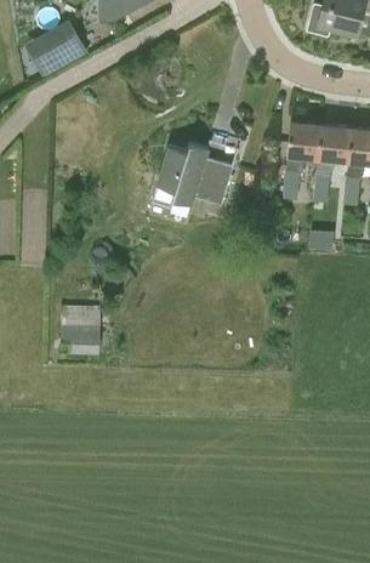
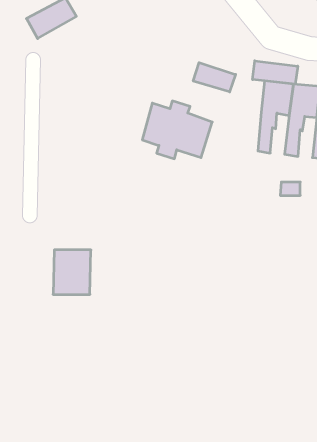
building: none -> [253,61,298,84]
building: none -> [193,63,236,92]

